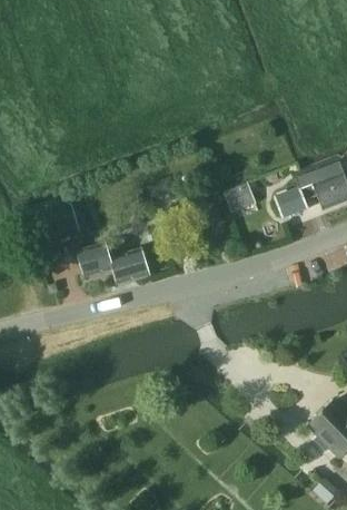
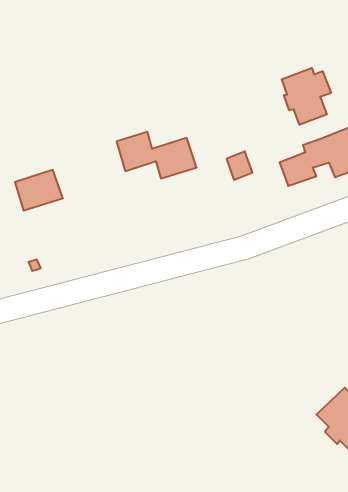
building: none -> [282,68,331,125]
building: [77,241,149,283] -> [117,132,197,178]

